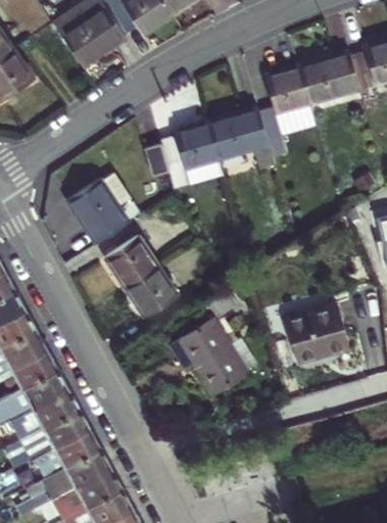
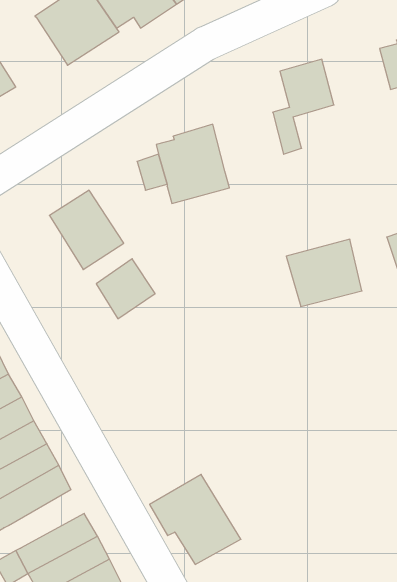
building: [302,51,360,103] -> none
building: [209,106,270,159] -> none
building: [129,264,179,315] -> none
building: [285,302,349,360] -> [286,239,362,307]
building: [171,319,248,395] -> [150,474,241,564]
building: [36,430,100,480] -> none

